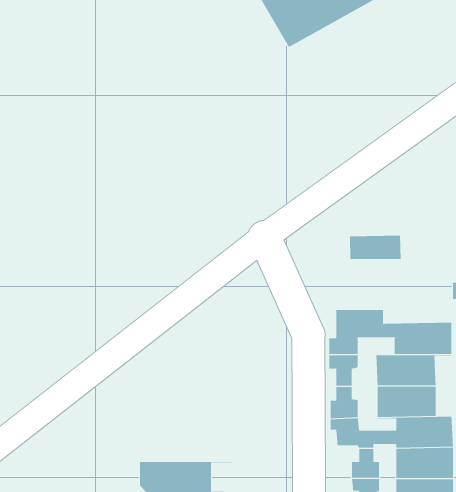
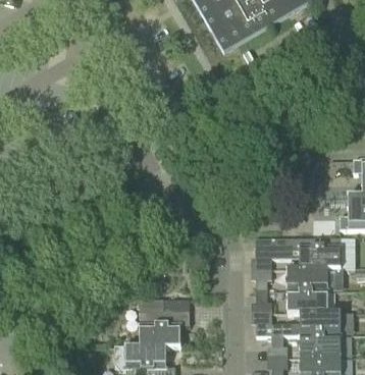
building: [336,235,401,260] -> none
building: none -> [140,299,190,345]

